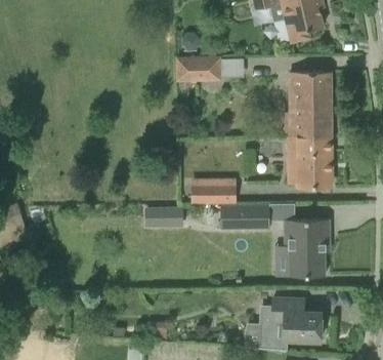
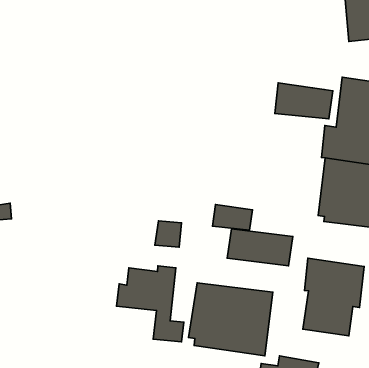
building: [177,56,221,81] -> [275,83,333,119]
building: none -> [116,266,184,342]
building: none -> [189,283,273,356]

